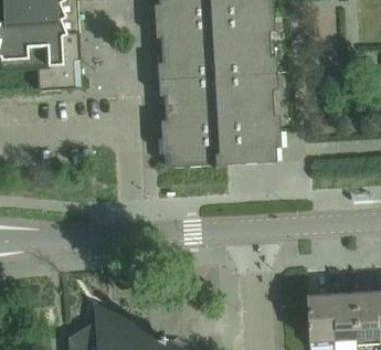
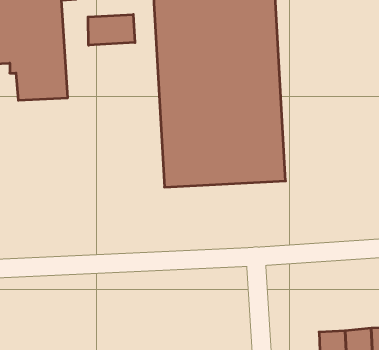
building: none -> [88,14,135,45]

